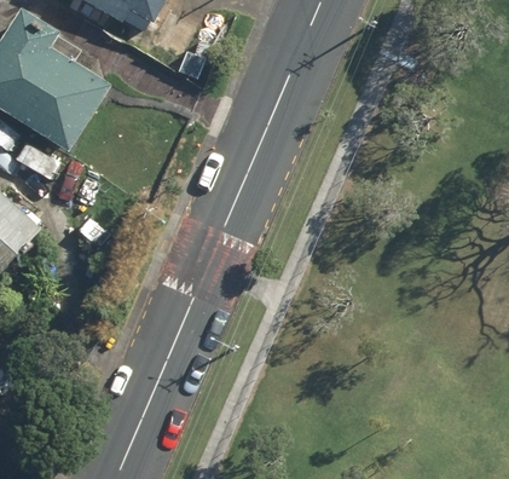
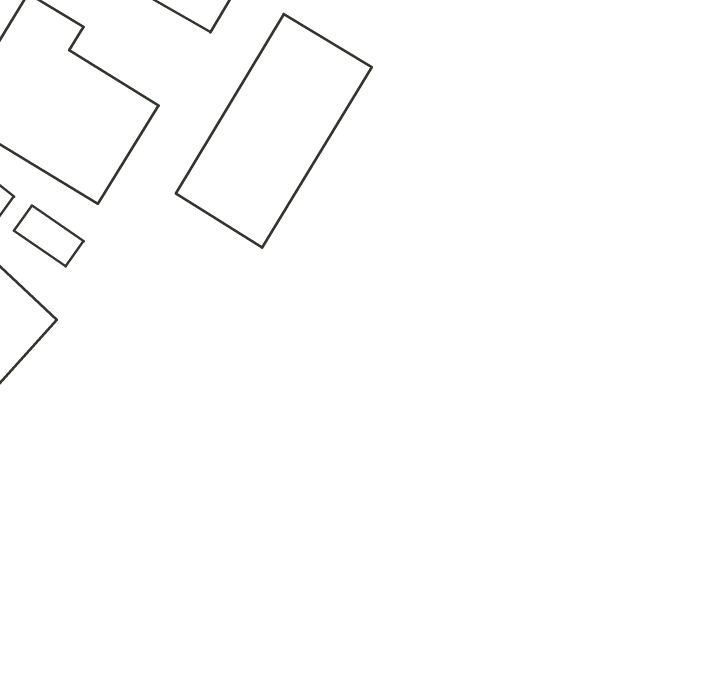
building: none -> [176,14,372,248]

